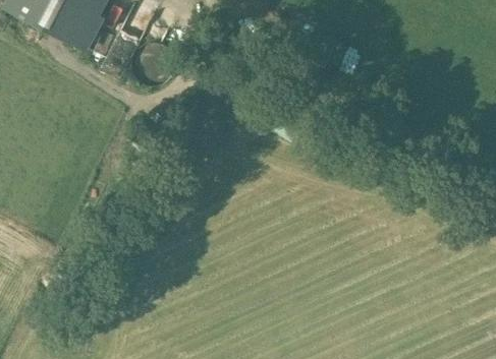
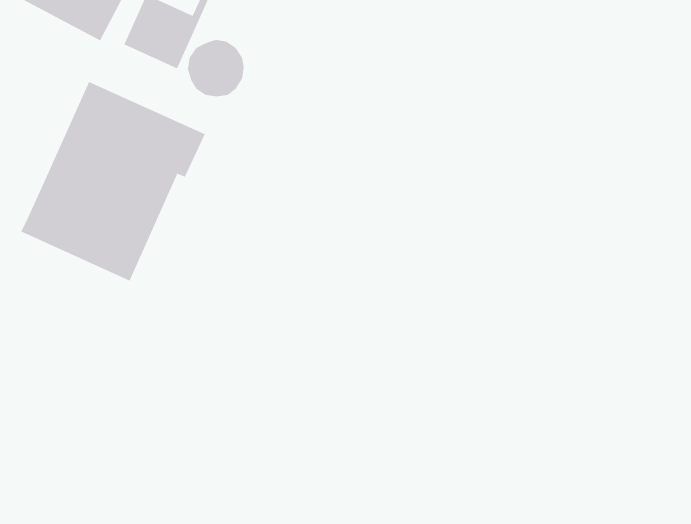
building: none -> [21,81,206,281]

